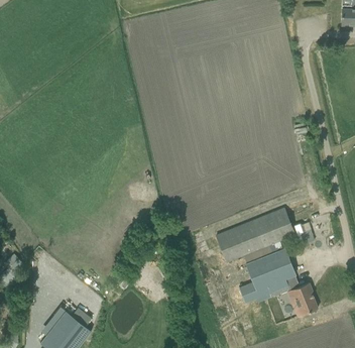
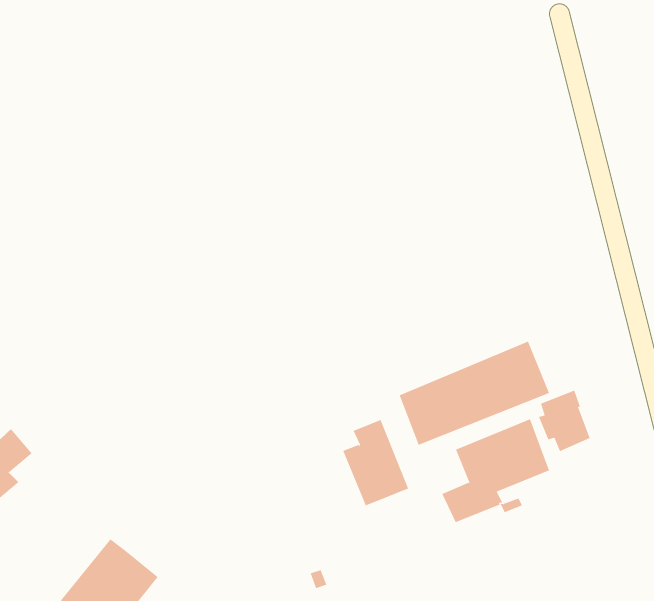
building: none -> [342,419,409,506]
building: [289,282,317,315] -> [538,390,590,452]

